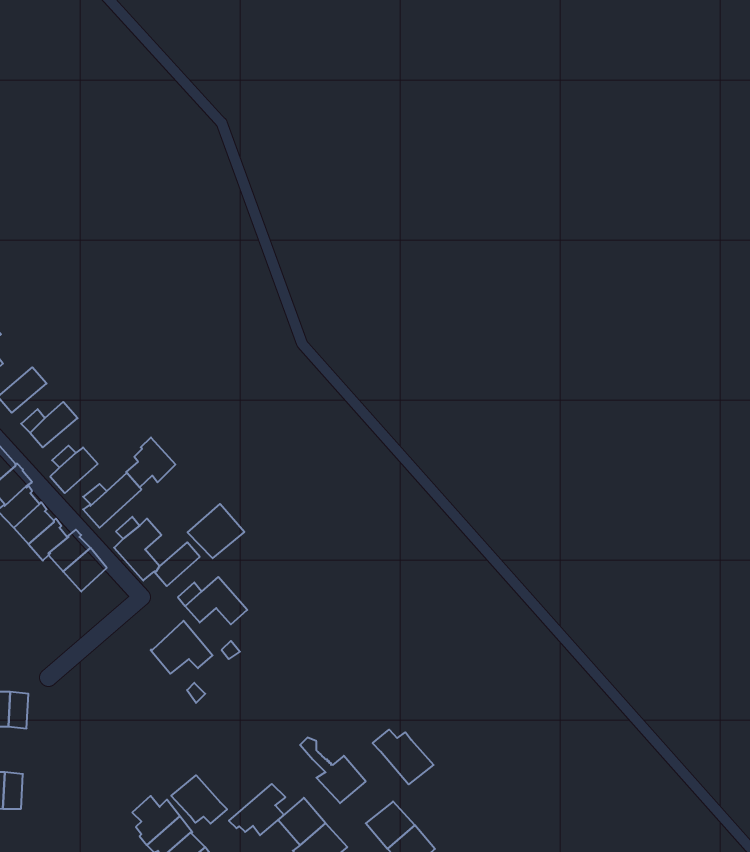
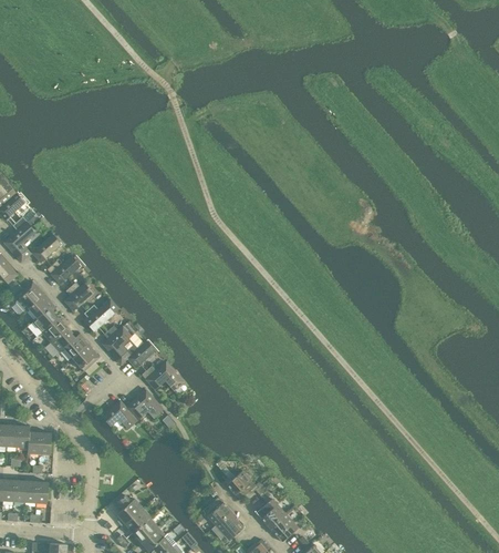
building: [126,437,175,487] -> none
building: [188,504,244,558] -> none
building: none -> [102,400,137,430]
building: [373,730,434,784] -> none
building: [171,775,227,824] -> none
building: [229,784,285,835] -> none

